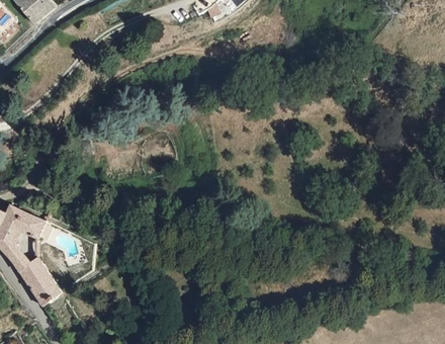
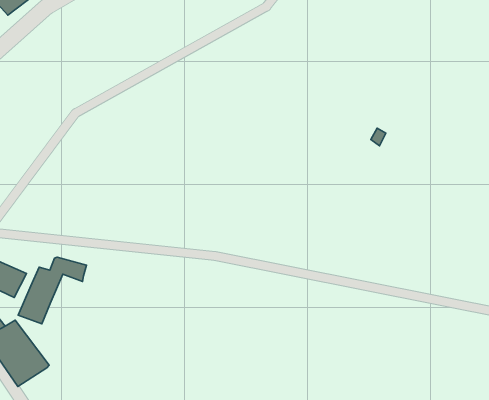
building: none -> [18,257,87,324]

